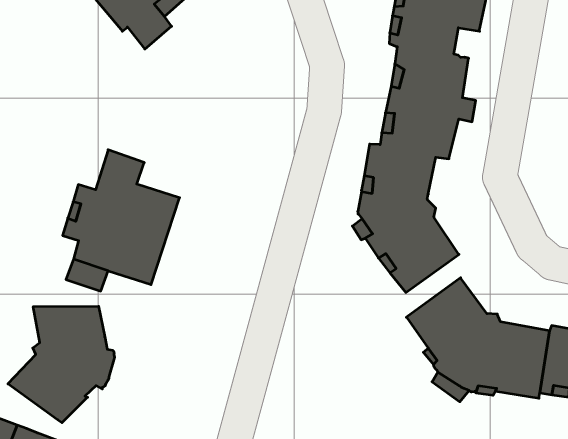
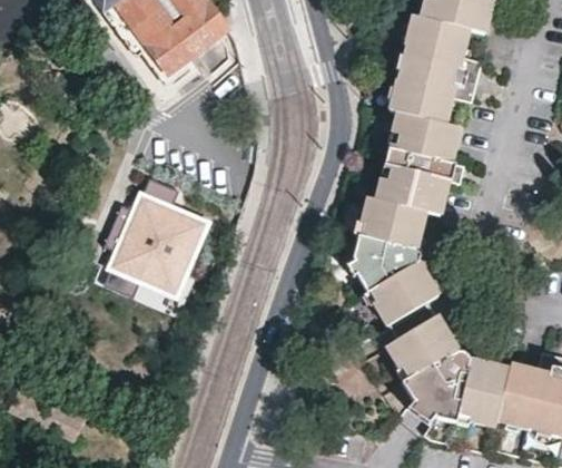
building: [8,306,115,423] -> none

